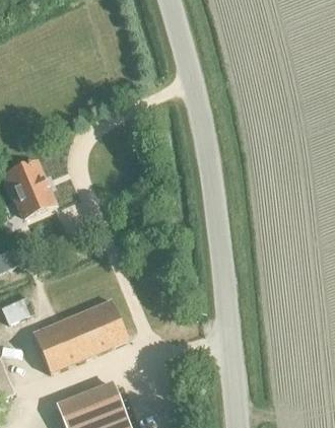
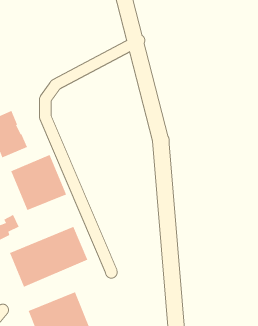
building: none -> [11,154,67,211]

